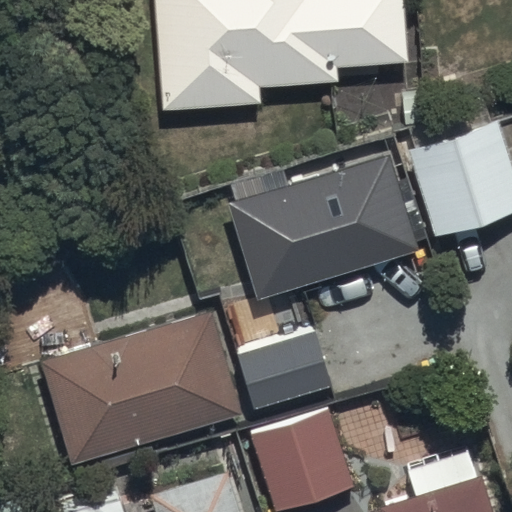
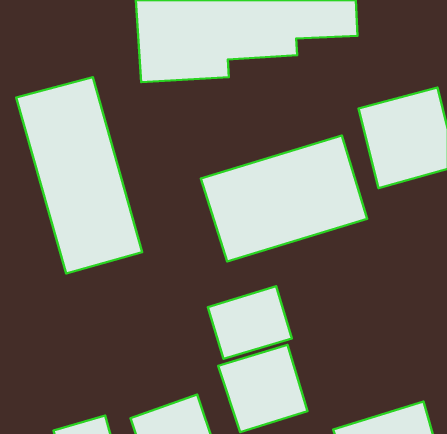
building: none -> [16,77,142,273]
building: [45,309,240,458] -> none

